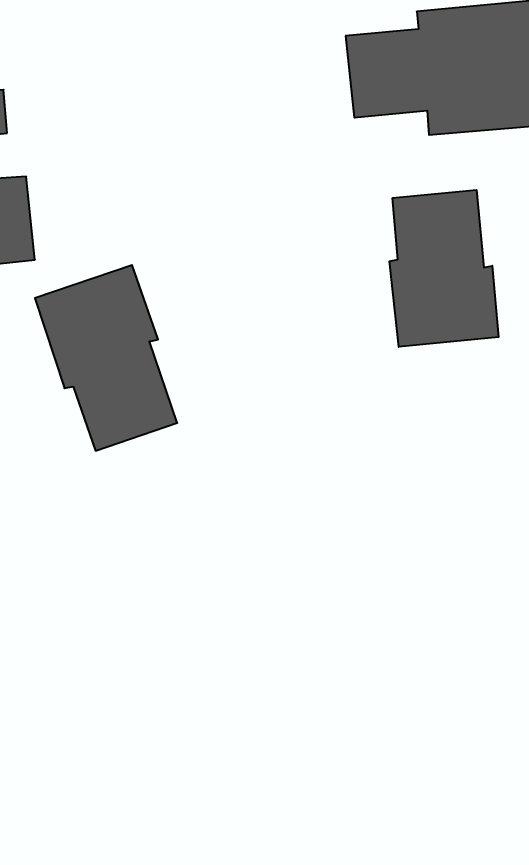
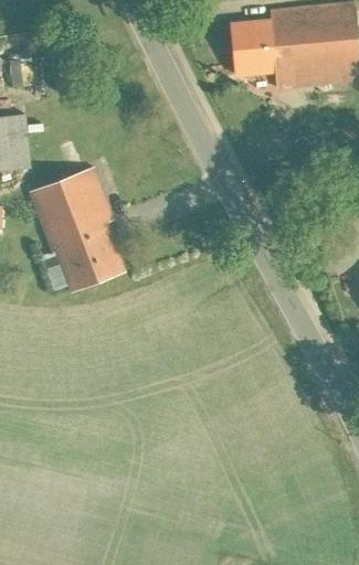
building: [389,190,499,347] -> none

